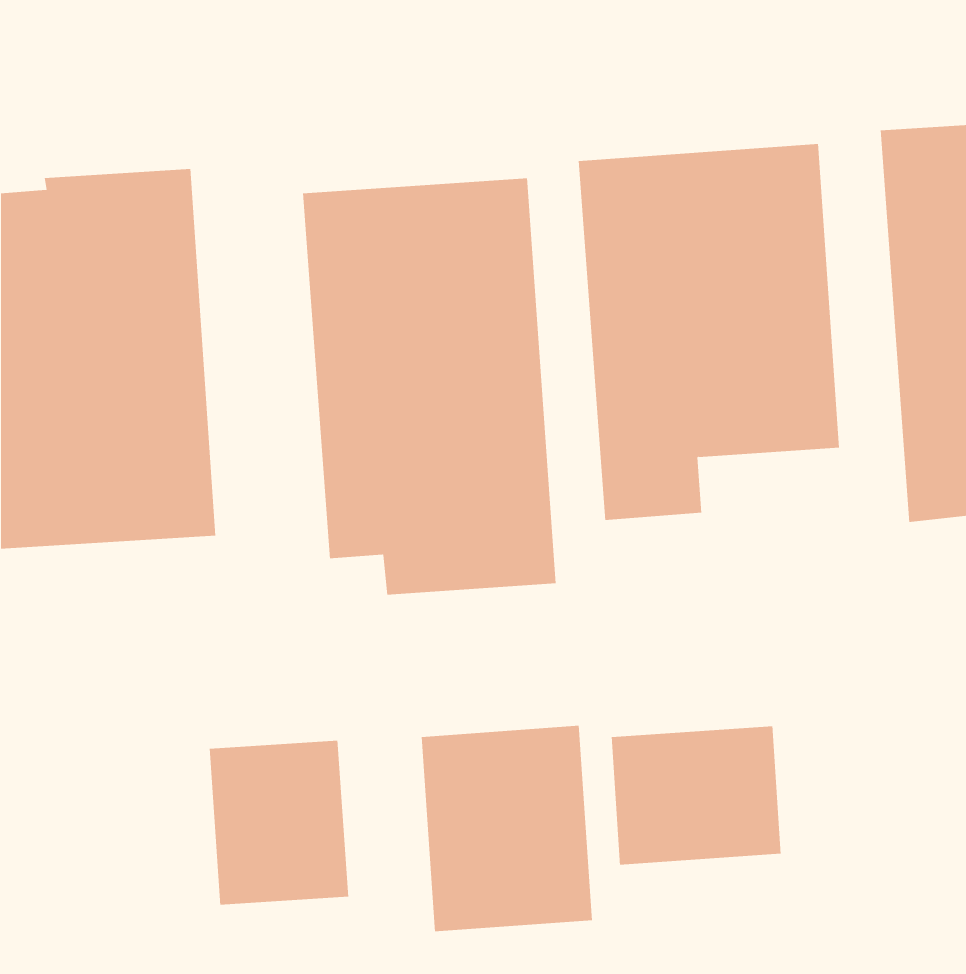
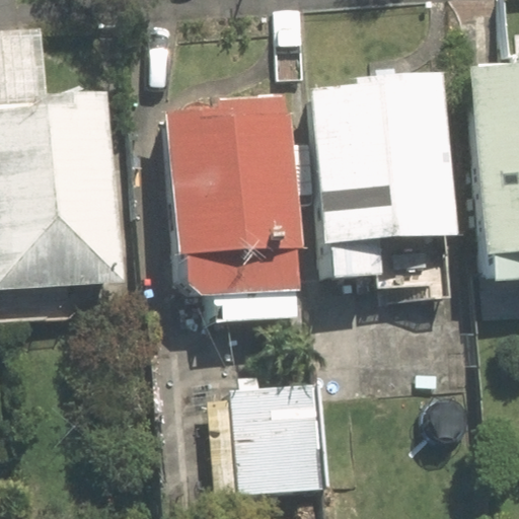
building: [611,726,781,865] -> none
building: [209,740,349,906] -> none

